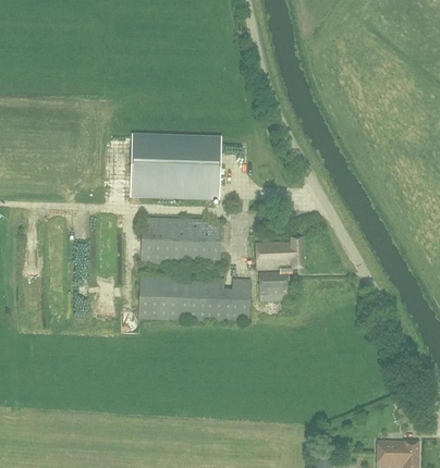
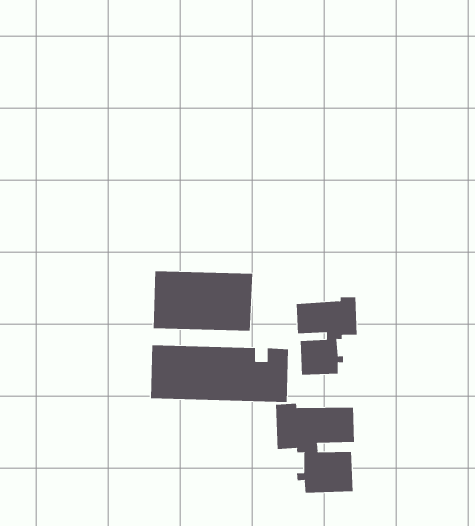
building: [131,135,221,197] -> none
building: none -> [275,403,355,493]

